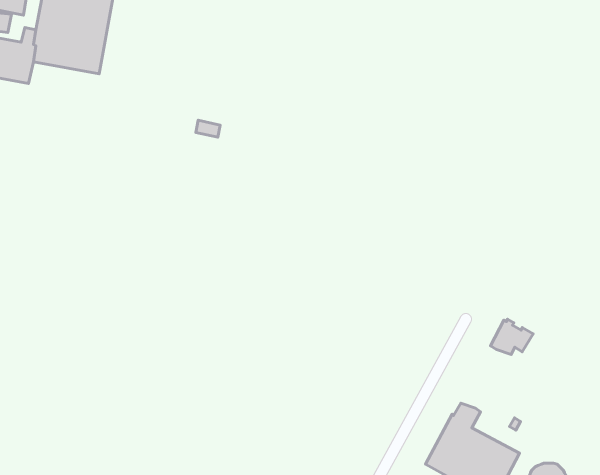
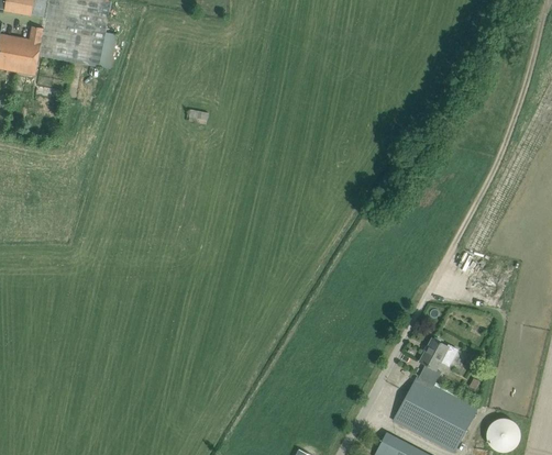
building: [491,319,533,354] -> [419,337,457,369]

